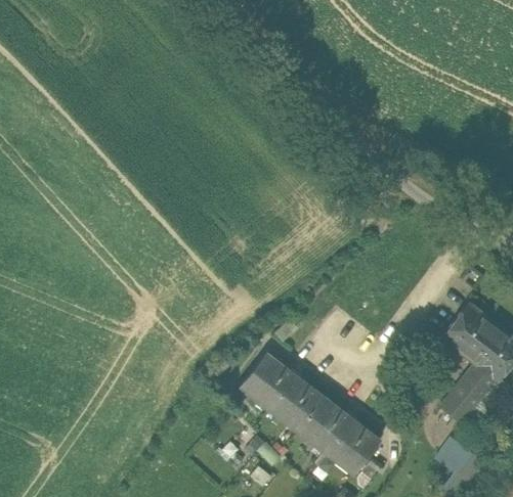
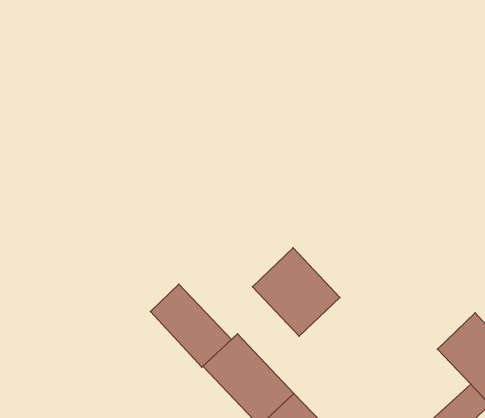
building: none -> [252,248,340,336]
building: none -> [151,284,231,367]

